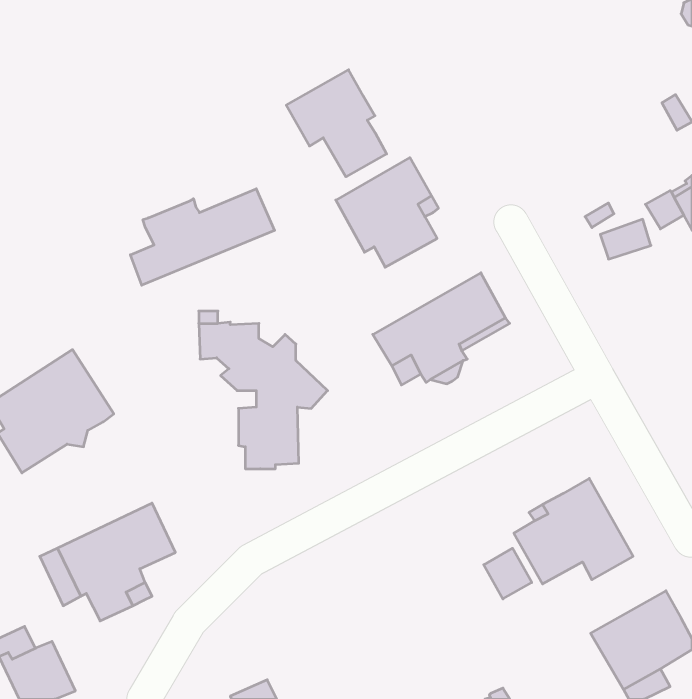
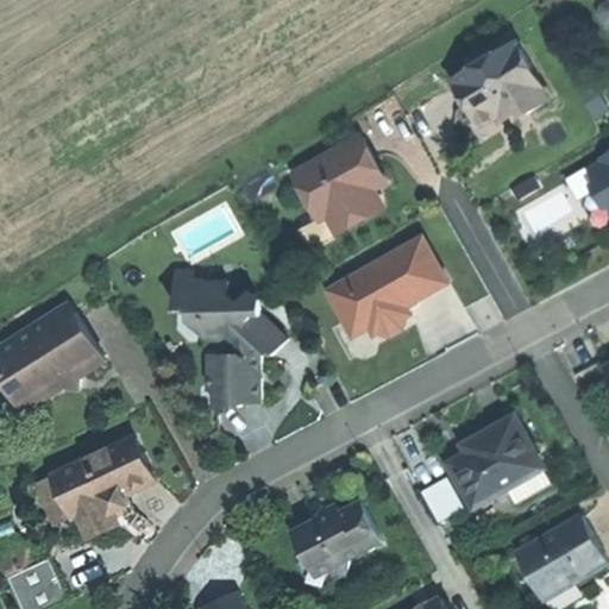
building: none -> [447,39,545,124]
building: [286,70,387,177] -> none
building: [130,189,275,285] -> none
building: none -> [291,501,379,573]

